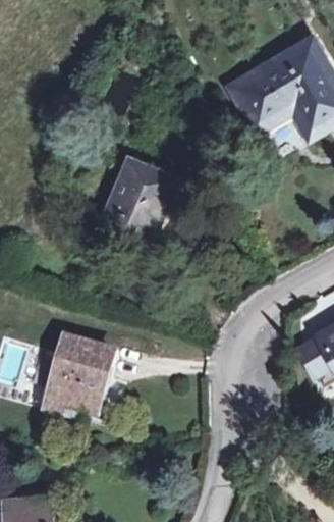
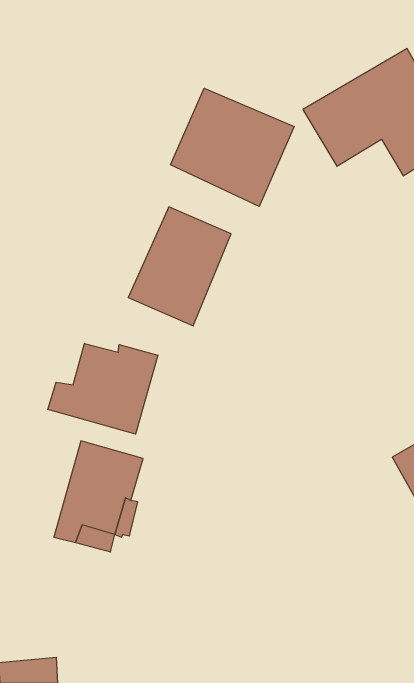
building: none -> [171,88,294,206]
building: none -> [48,343,158,434]

